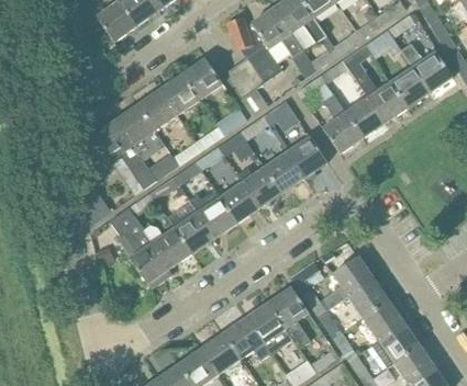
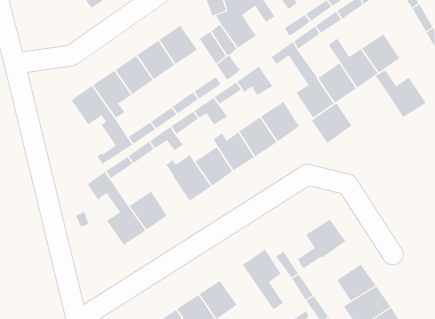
building: [400,43,453,92] -> [375,69,427,118]
building: none -> [311,102,352,144]
building: [175,213,213,252] -> none
building: [348,279,389,318] -> none
building: [245,303,292,353] -> none

